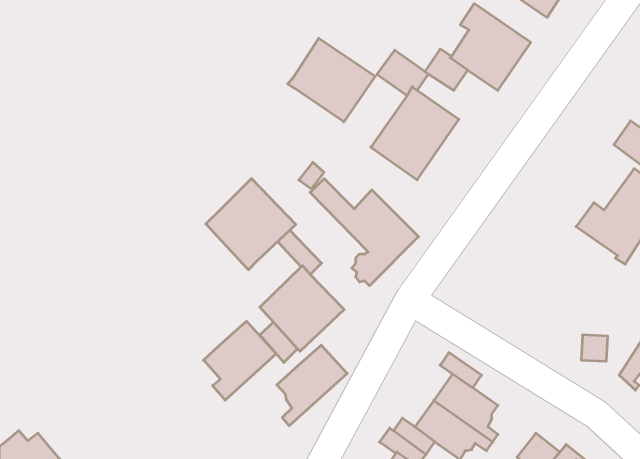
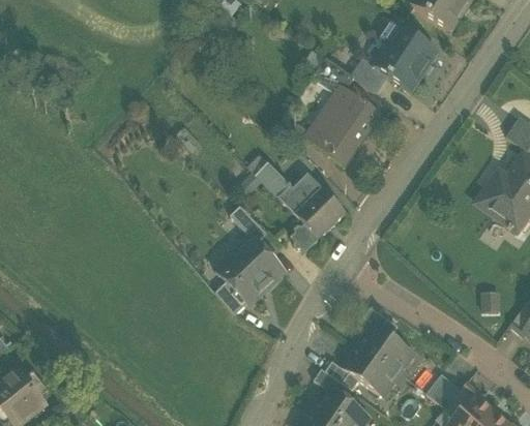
building: [288,38,375,122] -> none
building: [206,178,296,270] -> none
building: [203,321,276,400] -> none
building: [277,345,347,426] -> none

